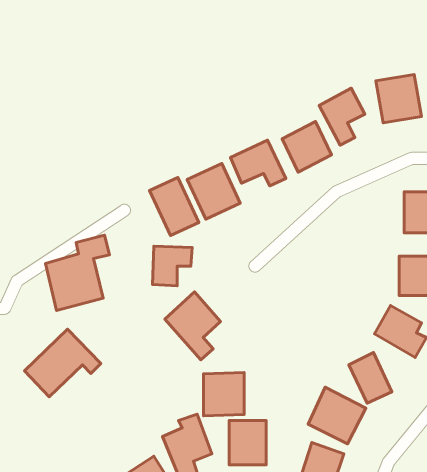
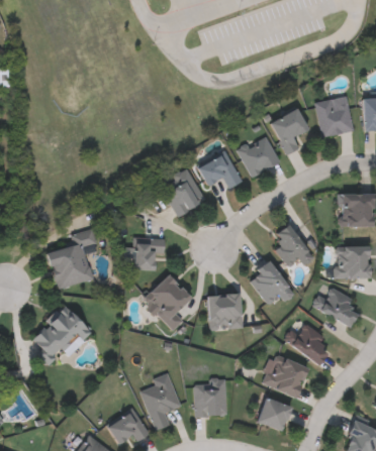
building: [149,177,199,236] -> none
building: none -> [273,224,312,266]
building: none -> [250,259,293,305]
building: [203,373,244,416] -> [207,294,241,329]

